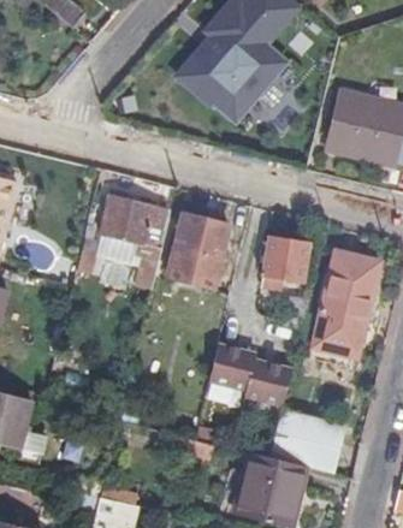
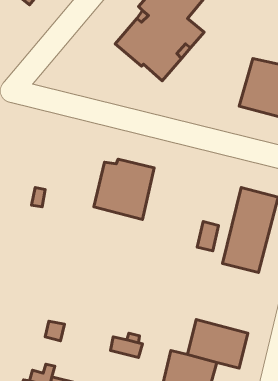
building: [96,197,167,287] -> none
building: [255,236,308,292] -> none
building: [207,343,291,407] -> none

